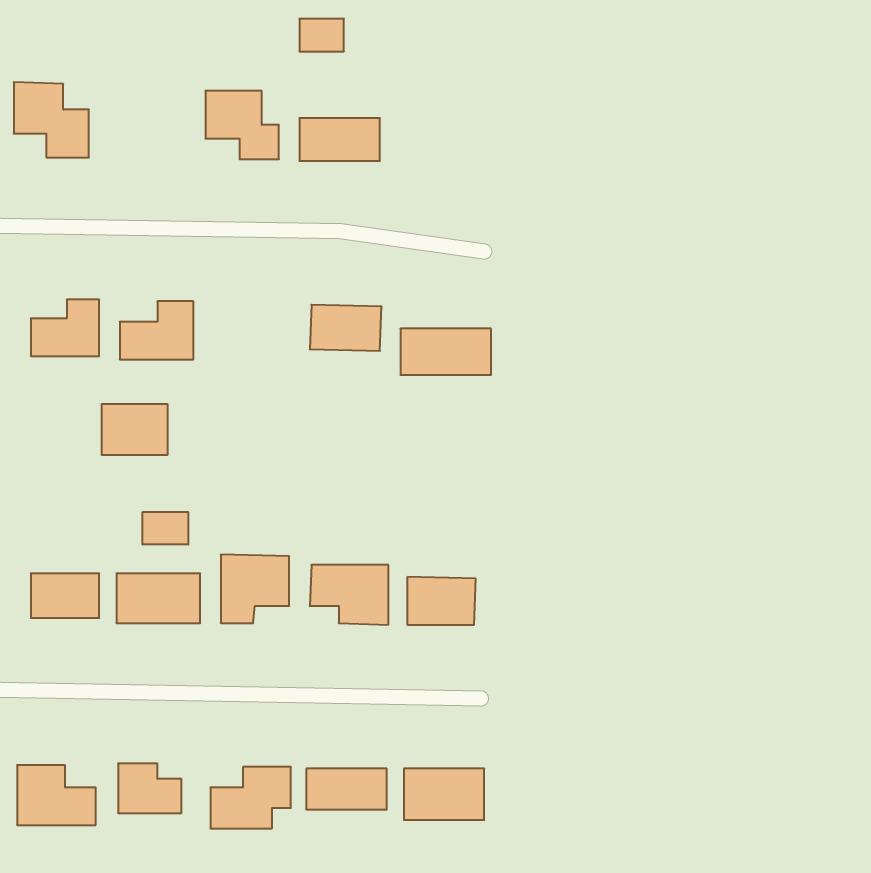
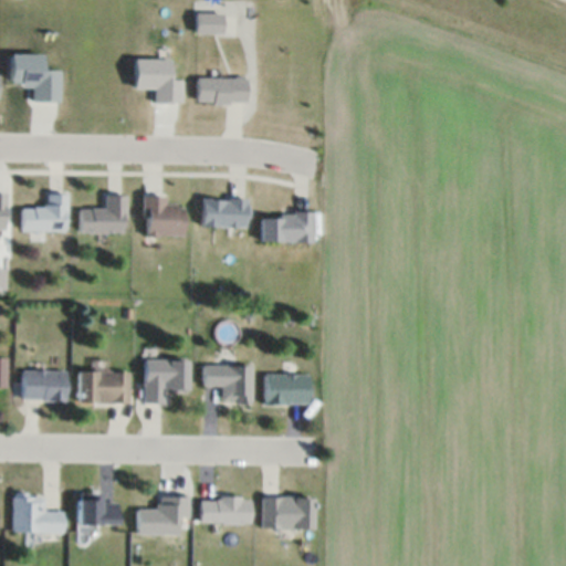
building: none -> [144,196,184,237]
building: [102,404,167,455] -> none
building: [143,512,188,545] -> none

